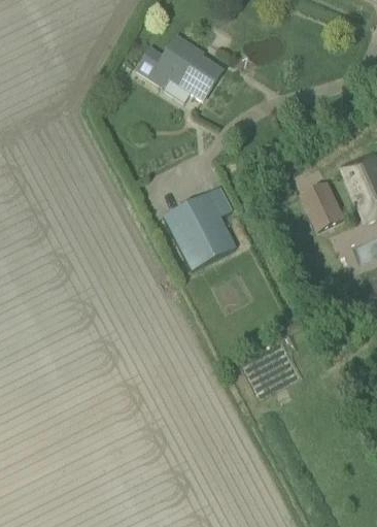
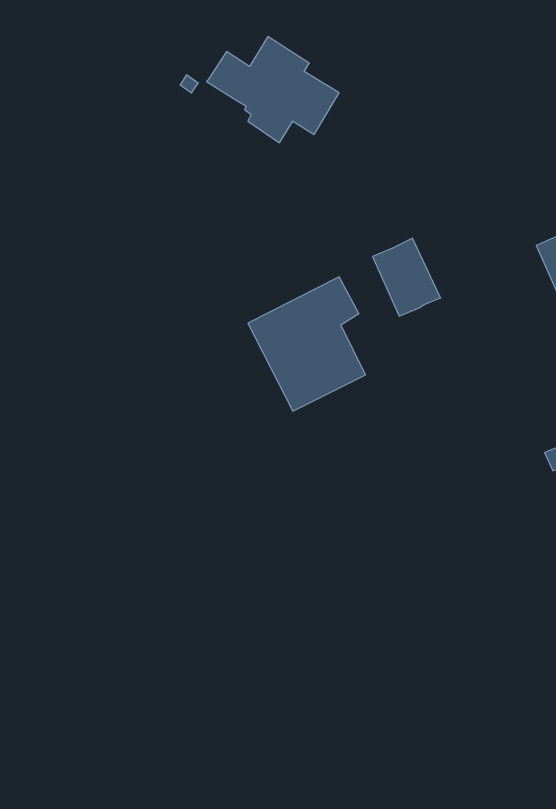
building: [302,182,344,230] -> [373,238,441,316]

